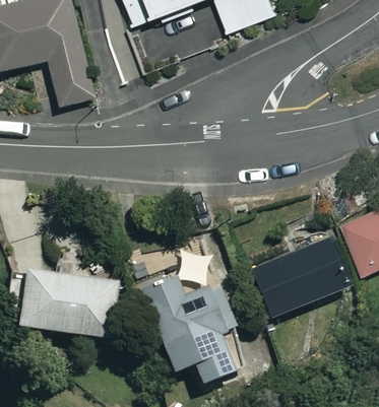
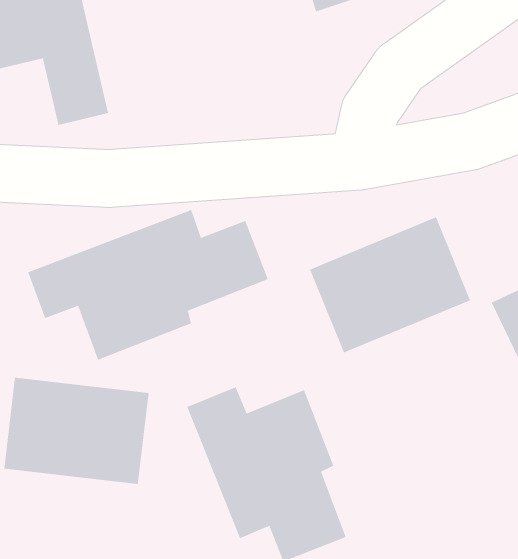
building: none -> [27,209,269,361]
building: [247,232,353,322] -> [309,217,471,353]

